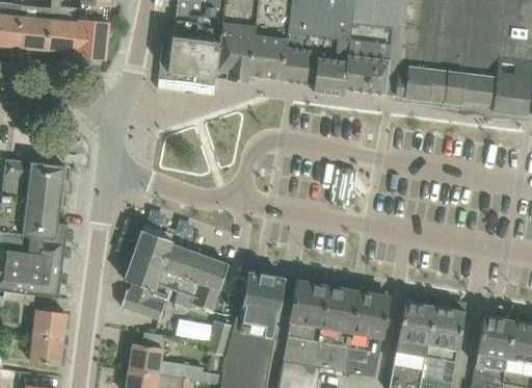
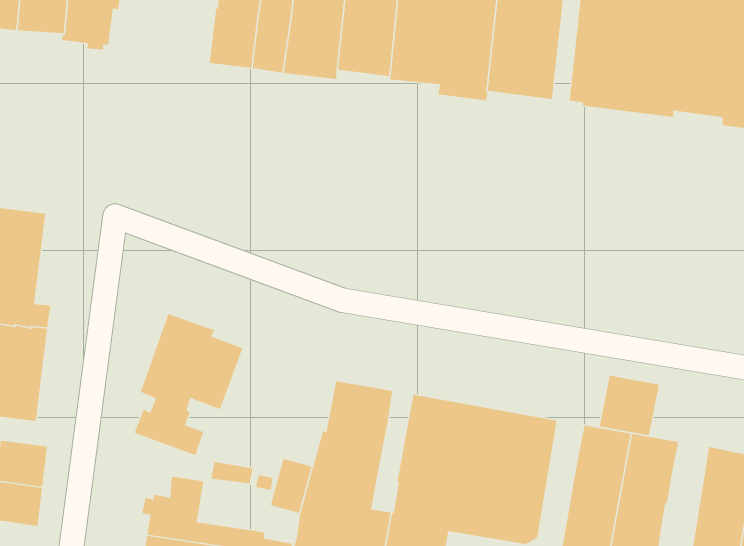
building: [175,252,240,319] -> none
building: none -> [599,375,660,436]

